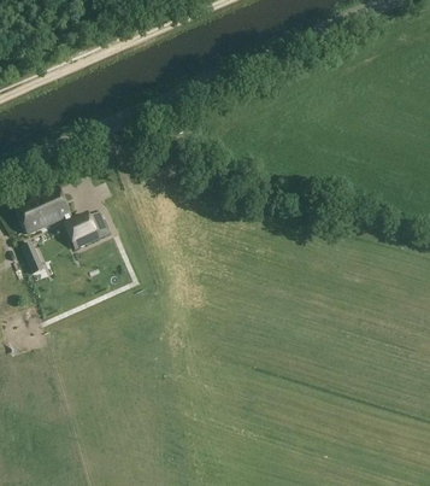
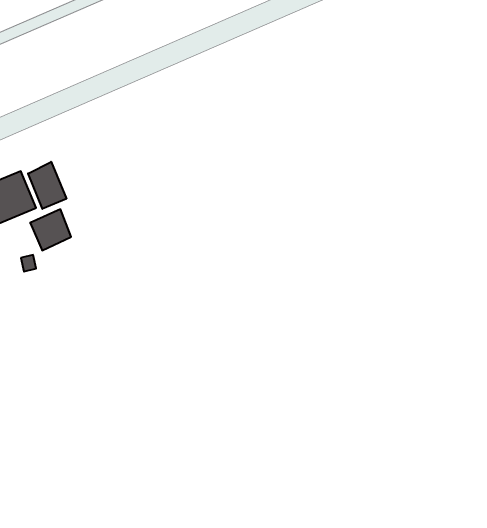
building: none -> [28,162,66,209]

